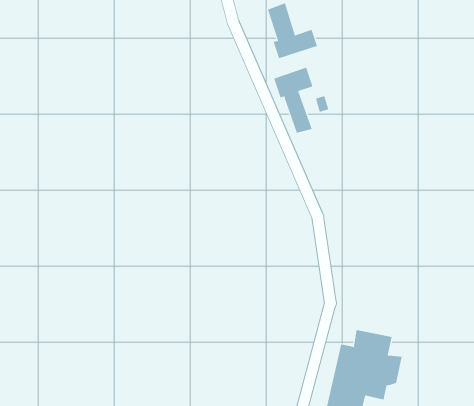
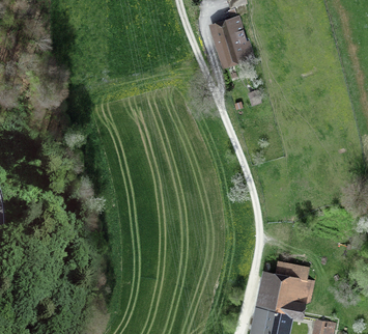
building: [274,67,313,134] -> none

